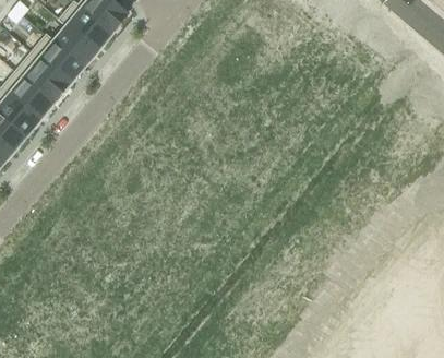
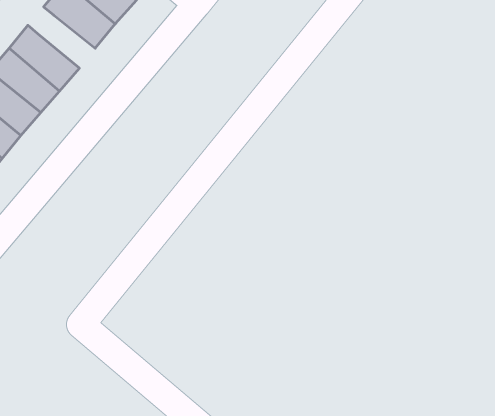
building: [55,25,98,65] -> none

